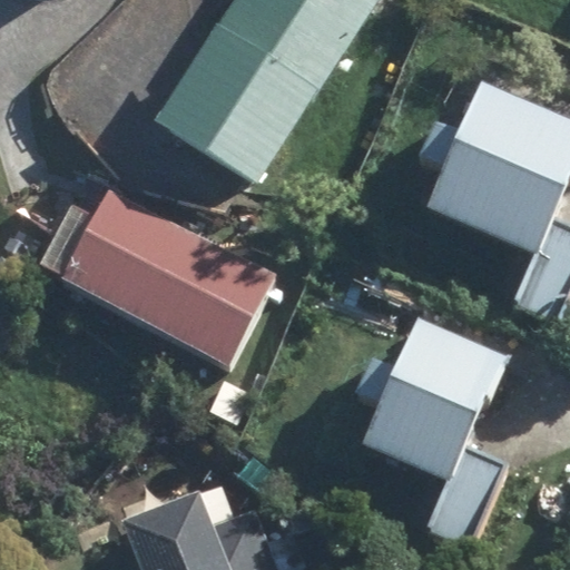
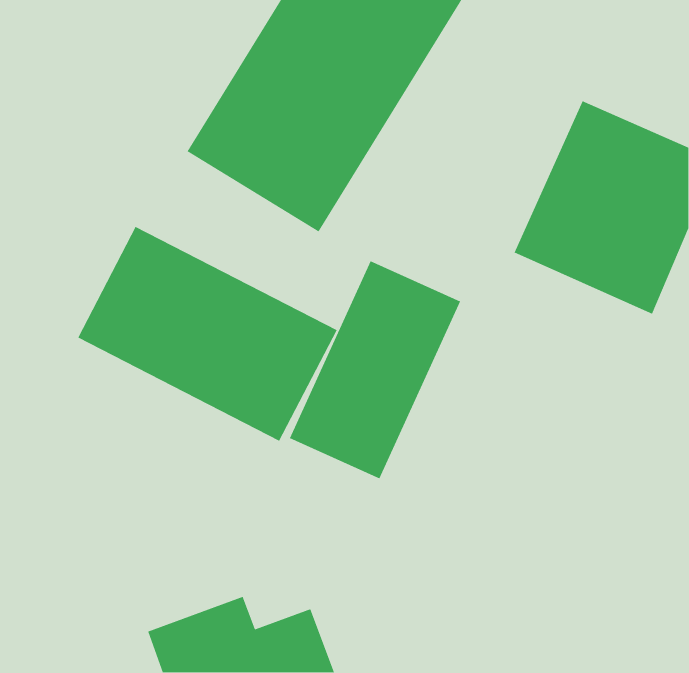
building: none -> [289,260,461,480]
building: [355,317,504,484] -> none

